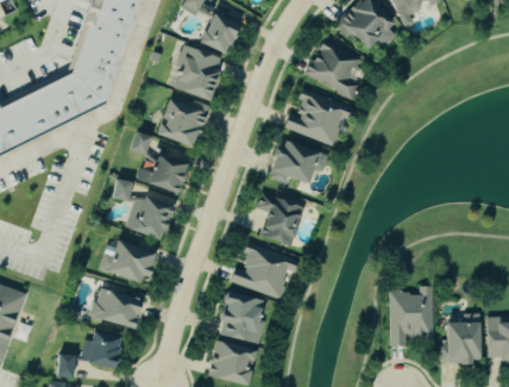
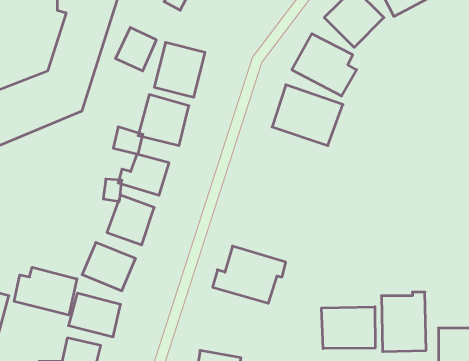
building: [199,12,238,54] -> [115,27,156,71]
building: [269,138,328,185] -> none
building: [256,192,304,245] -> none
building: none -> [14,267,77,315]
building: [216,291,268,344] -> none
building: none -> [322,307,375,349]

